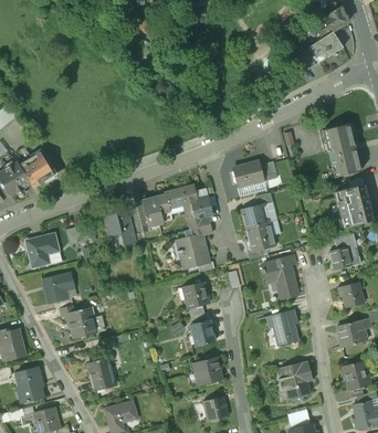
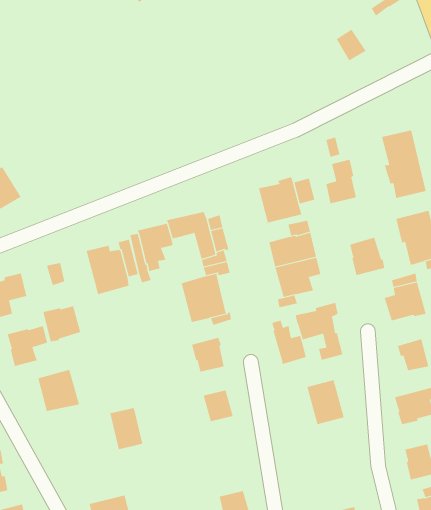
building: [308,31,343,63] -> none
building: none -> [326,159,357,204]
building: none -> [349,237,385,276]
building: none -> [43,306,81,342]
building: none -> [272,320,307,365]
building: [195,357,221,384] -> none
building: [87,358,113,390] -> [110,407,143,450]
building: [281,361,311,397] -> none

